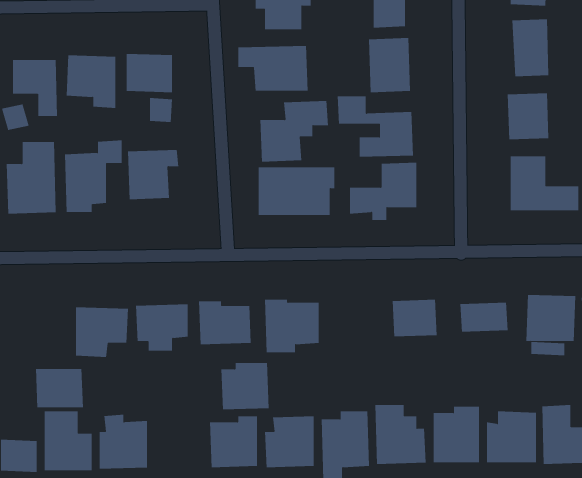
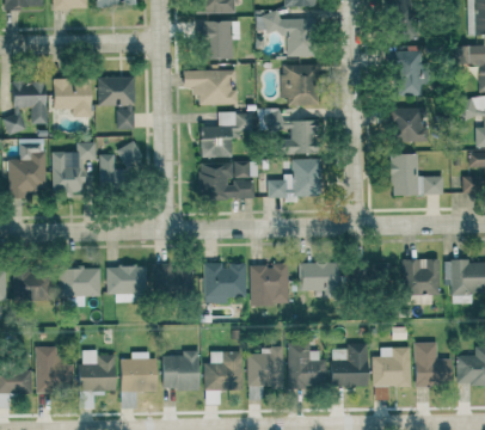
building: none -> [250,263,289,303]
building: [221,363,269,410] -> [121,354,158,389]
building: [35,369,84,408] -> [13,269,50,299]

